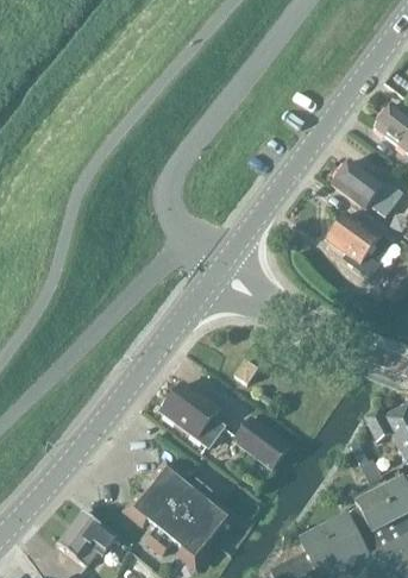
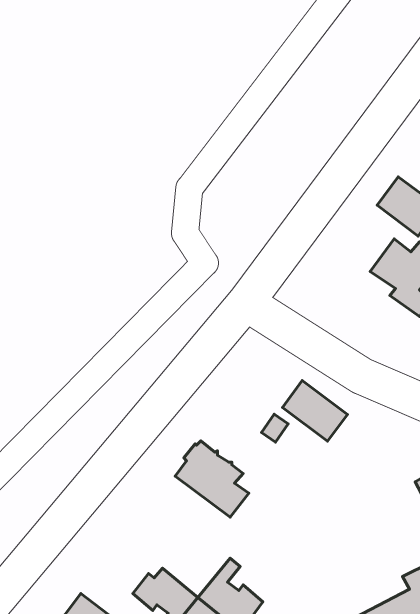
building: [234,416,289,467] -> [282,381,347,441]
building: [151,459,208,513] -> none

